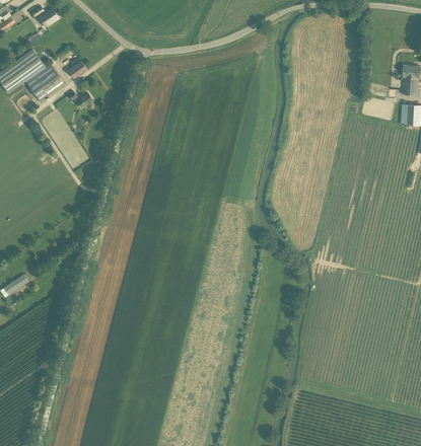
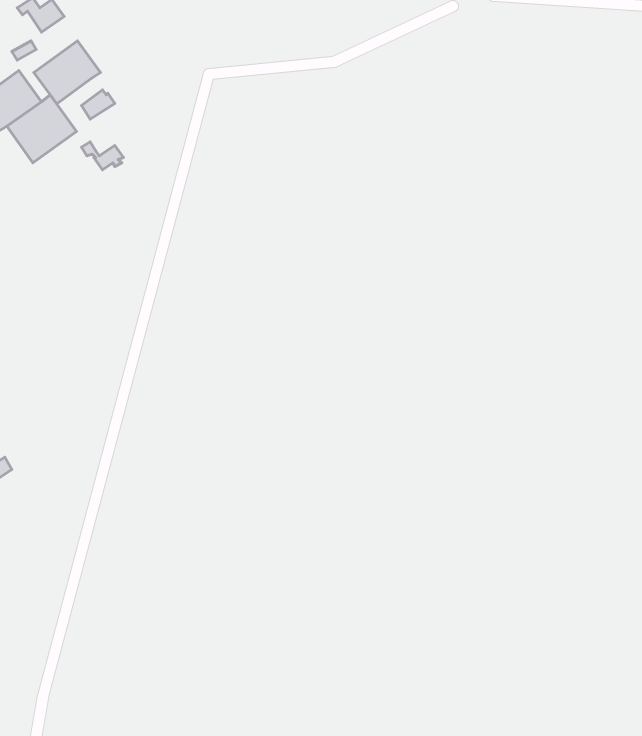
building: none -> [34,41,101,104]

